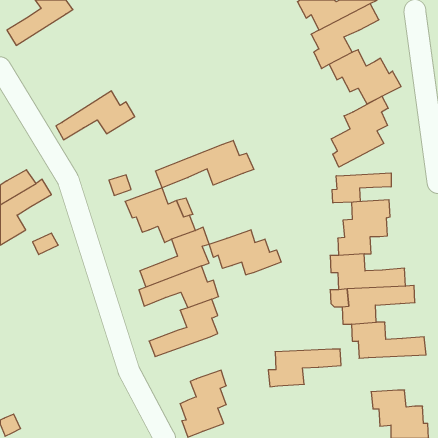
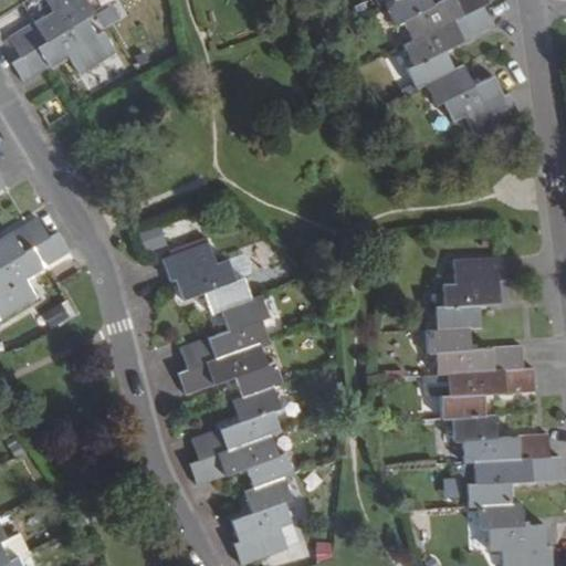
building: [56,91,135,140] -> [13,18,115,81]
building: [331,96,388,167] -> none
building: [155,140,254,188] -> none
building: [332,173,391,203] -> none
building: [209,230,281,275] -> none
building: none -> [190,434,294,489]
building: [268,349,341,387] -> [467,458,560,506]

